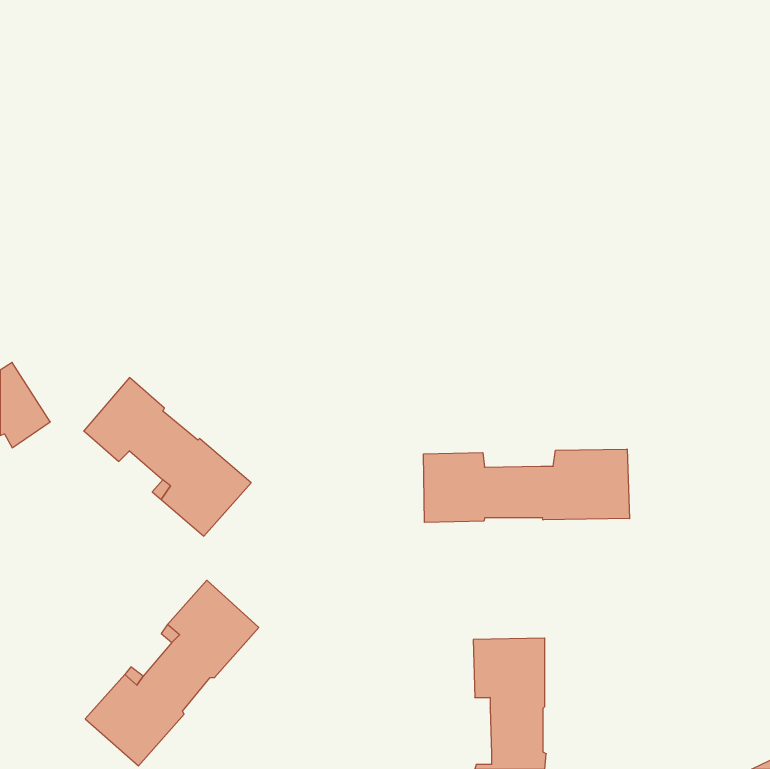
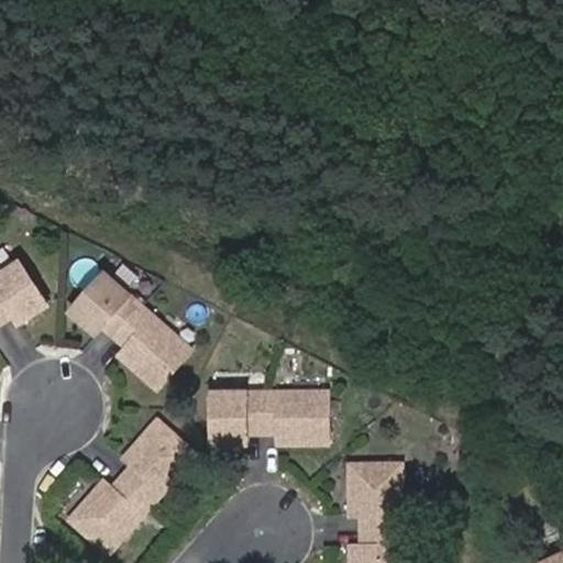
building: [424,449,630,522] -> none
building: none -> [209,389,325,442]

